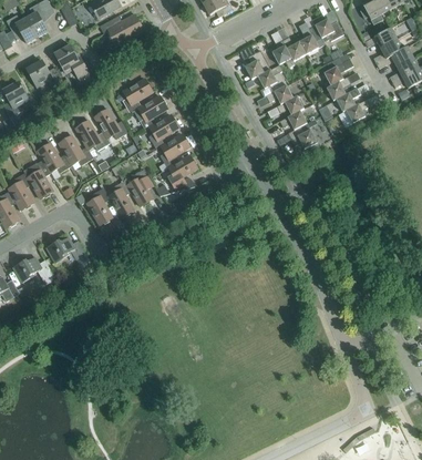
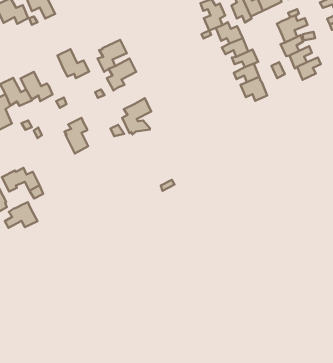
building: [119,78,152,117] -> none
building: [75,120,111,150] -> none
building: [159,133,189,171] -> none
building: [127,168,153,205] -> none
building: [88,187,113,224] -> none
building: none -> [5,202,37,228]

